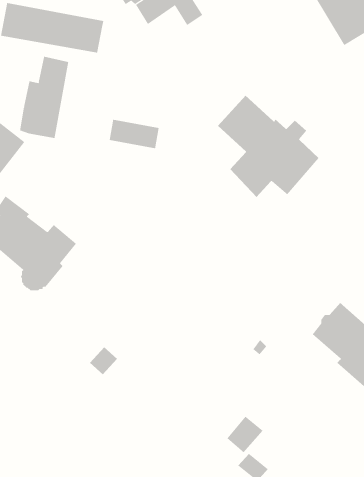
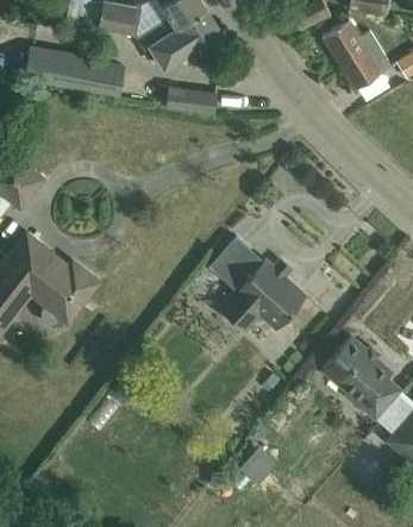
building: [20,56,69,139] -> none
building: [217,95,320,198] -> [208,237,307,335]
building: [109,119,160,149] -> [170,87,219,115]

